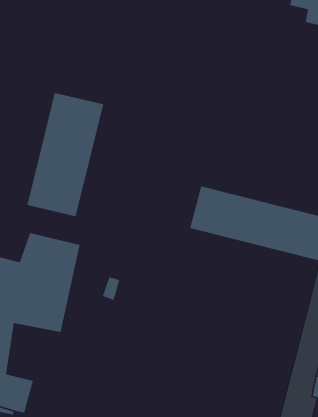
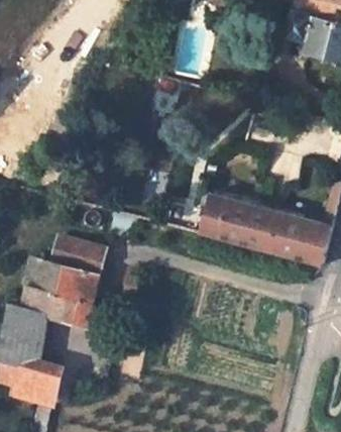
building: [26,92,104,217] -> none

